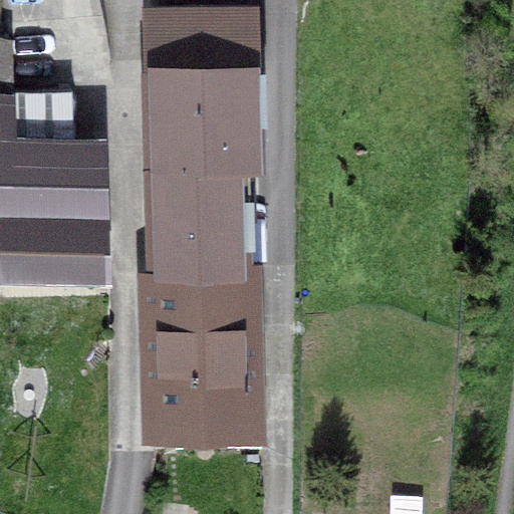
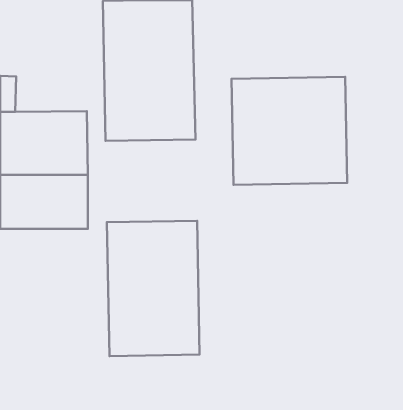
building: none -> [231,77,347,185]
building: [142,176,256,279] -> none

